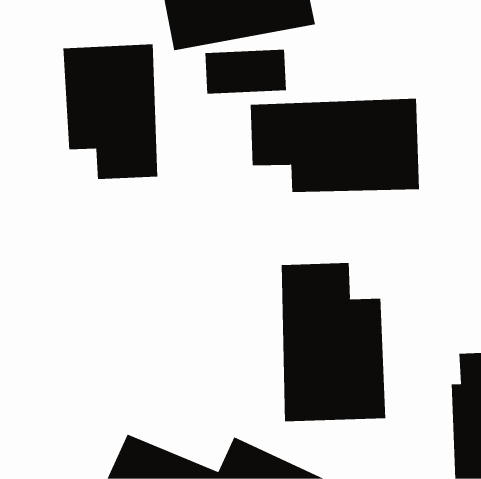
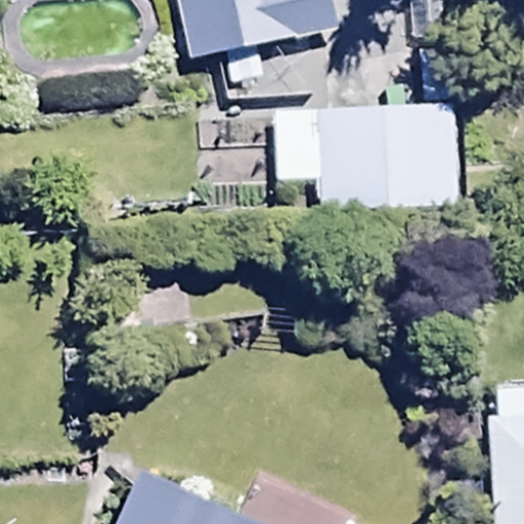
building: [63,43,158,180] -> none
building: [281,262,386,422] -> none

